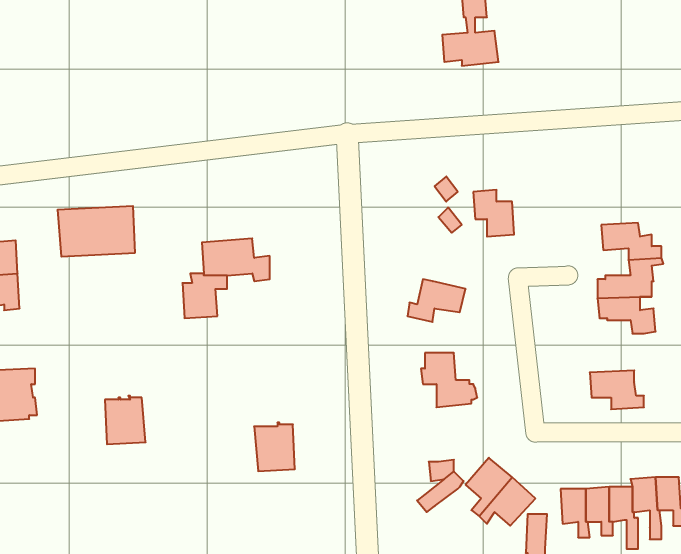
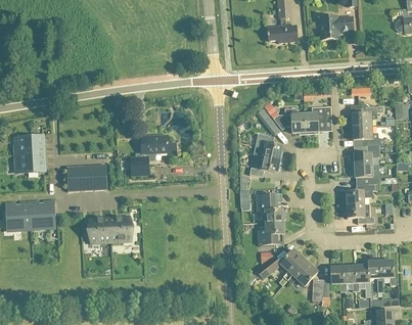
building: none -> [320,13,354,39]
building: none -> [305,106,331,134]
building: none -> [352,106,382,127]
building: [57,206,135,257] -> [66,165,107,191]
building: none -> [254,134,283,160]
building: none -> [346,184,374,204]
building: none -> [259,221,283,244]
building: [254,423,295,471] -> [109,216,131,241]

